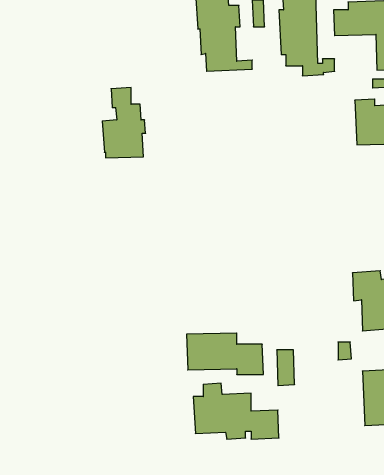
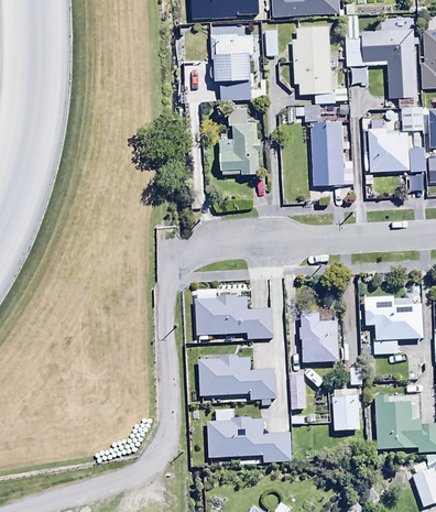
building: [102,88,146,158] -> [218,106,261,175]
building: none -> [310,122,352,185]
building: none -> [196,295,273,338]
building: none -> [299,314,339,362]
building: none -> [333,386,360,429]

